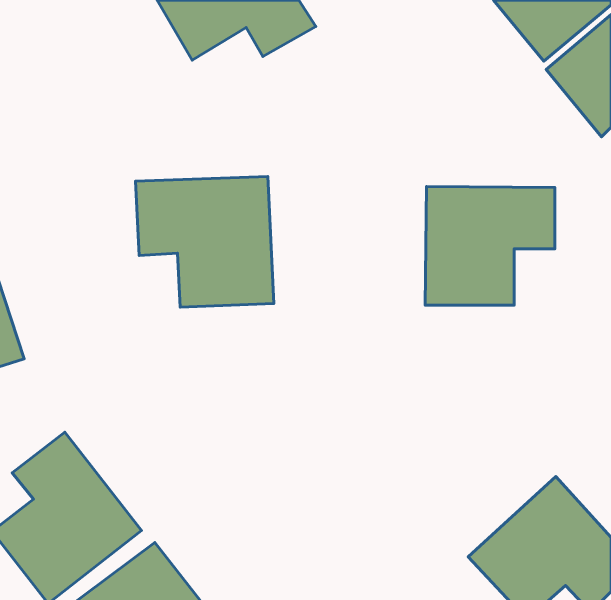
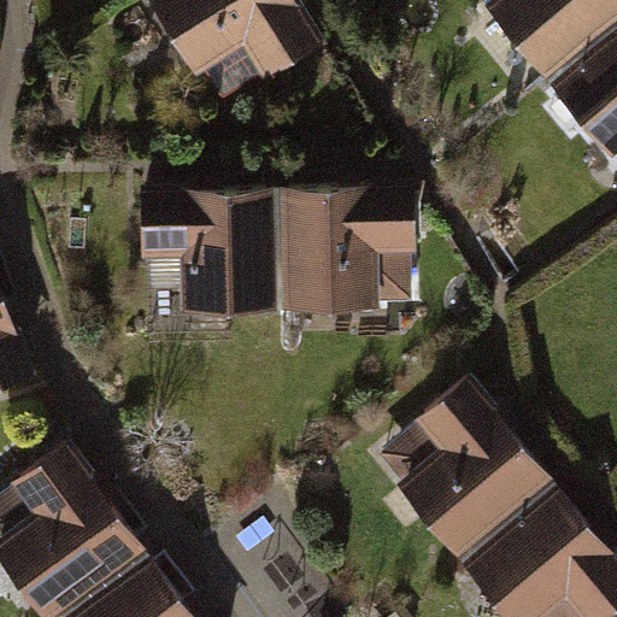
building: [425,186,555,305] -> [284,190,415,310]
building: none -> [404,372,554,556]

